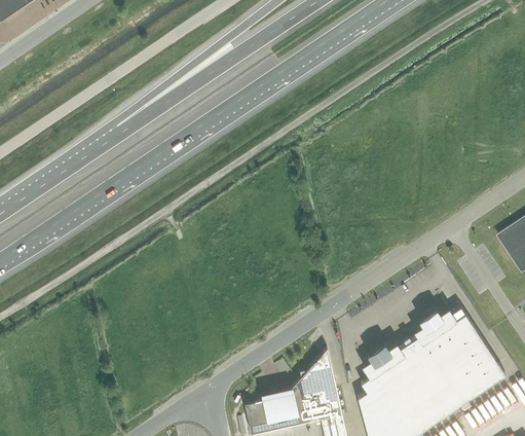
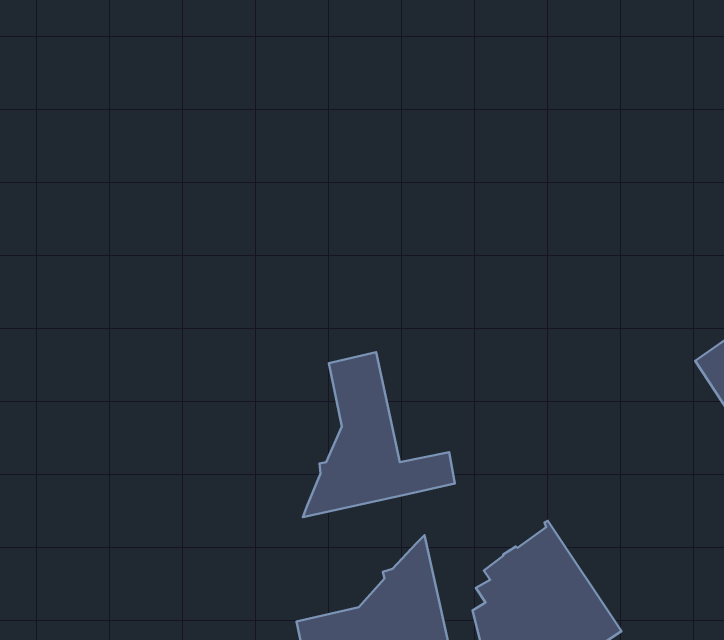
building: none -> [303,352,455,517]
building: [406,308,505,411] -> none

